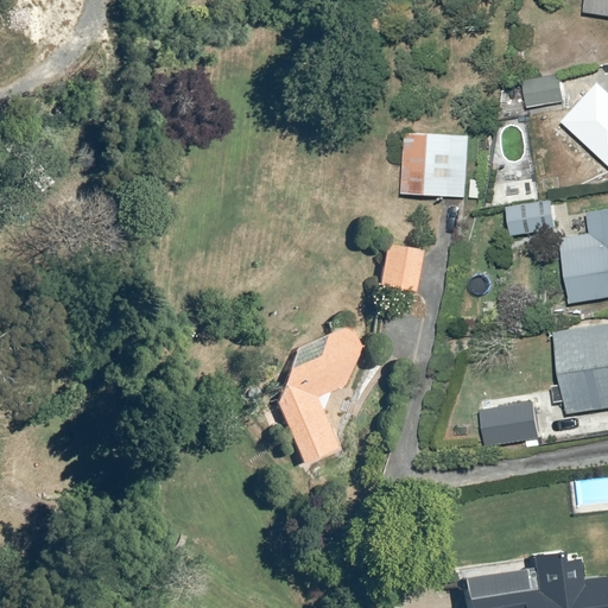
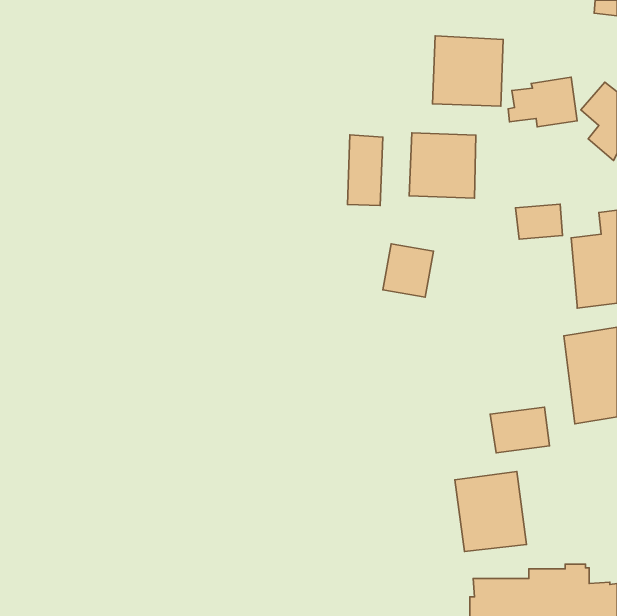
building: none -> [432,36,503,106]
building: none -> [347,135,383,205]
building: [276,328,365,466] -> none
building: none -> [455,471,527,551]

